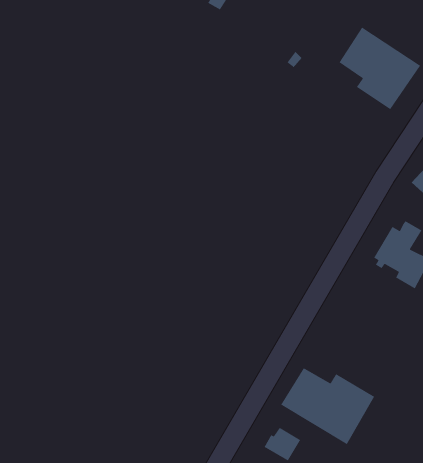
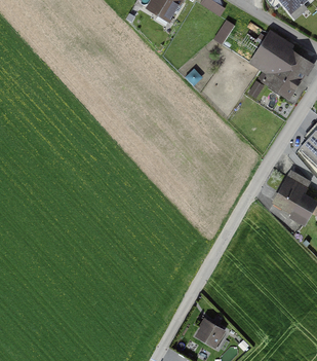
building: [280,367,375,445] -> none

